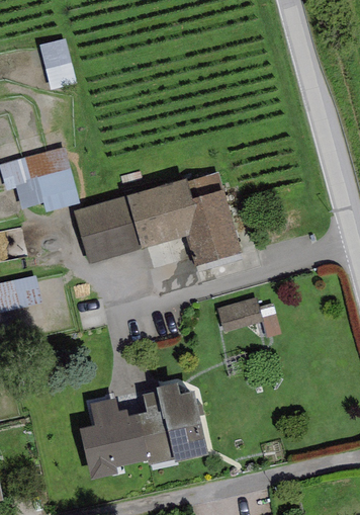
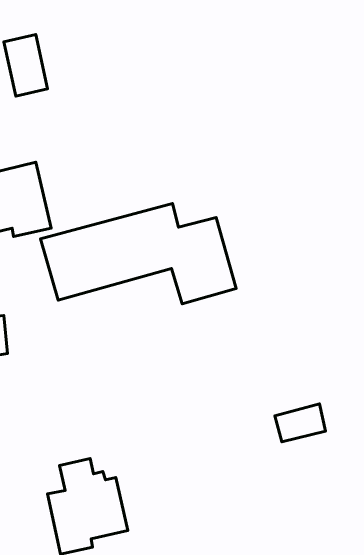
building: [216,297,260,330] -> [275,404,326,442]
building: [137,383,207,463] -> none

